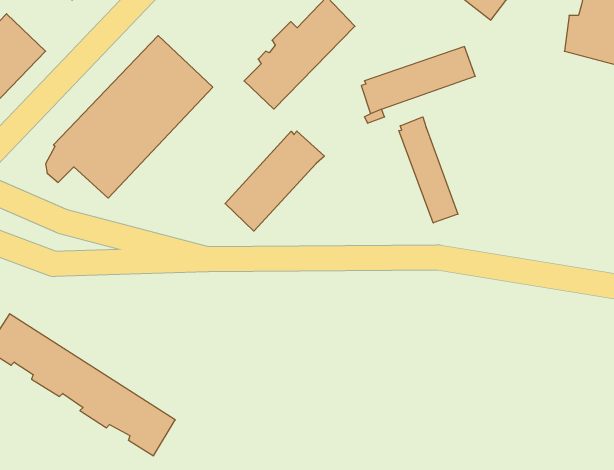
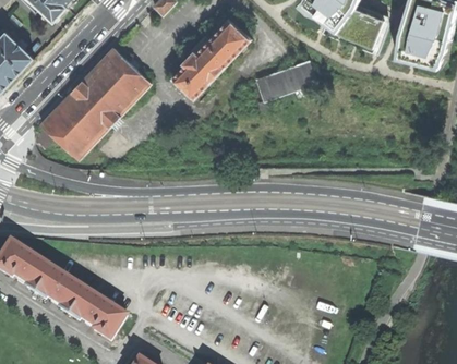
building: [399,117,458,223] -> none
building: [225,131,324,231] -> none

